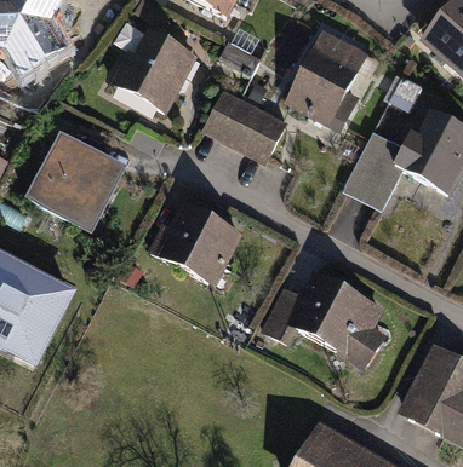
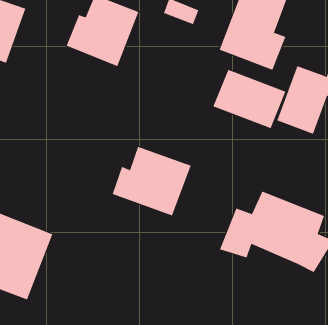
building: [200,90,285,162] -> [213,69,286,129]
building: [32,133,121,218] -> none

